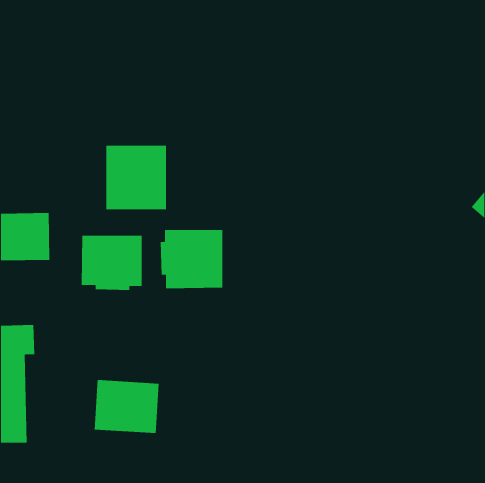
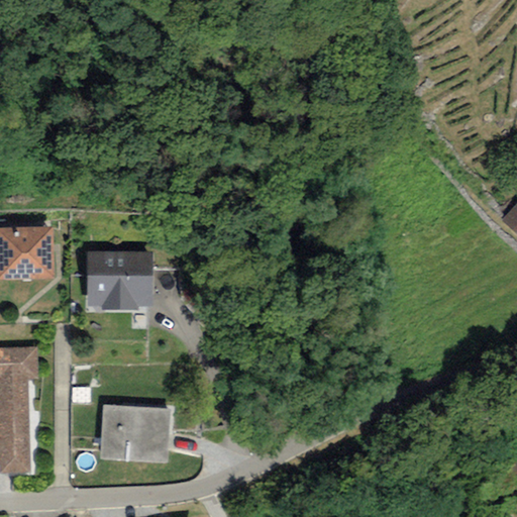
building: [106,145,167,210] -> none
building: [160,229,223,289] -> none

